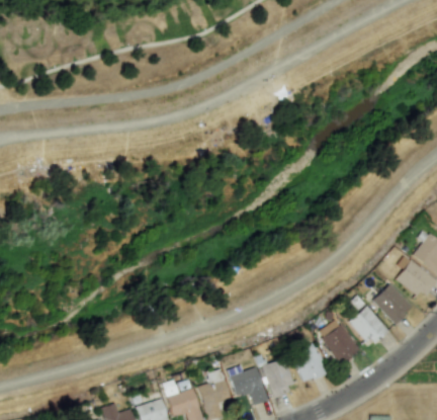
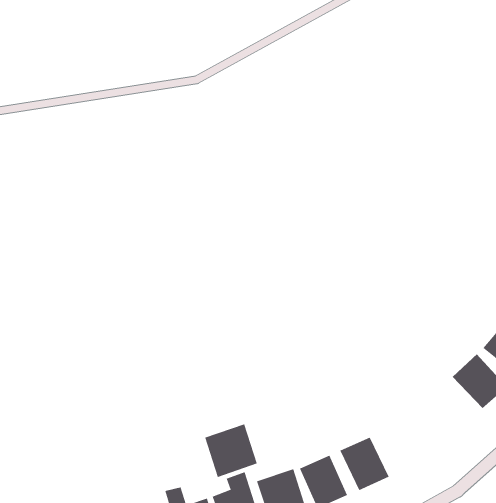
building: [348,306,387,345] -> none
building: [322,324,360,364] -> none
building: none -> [204,423,258,478]

